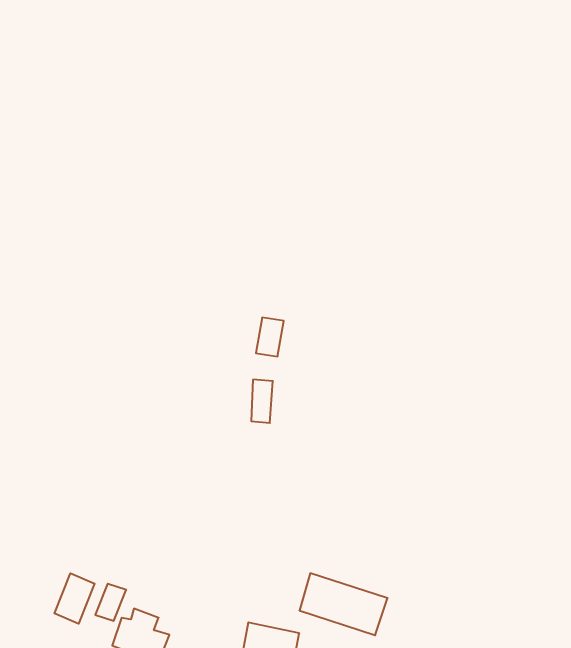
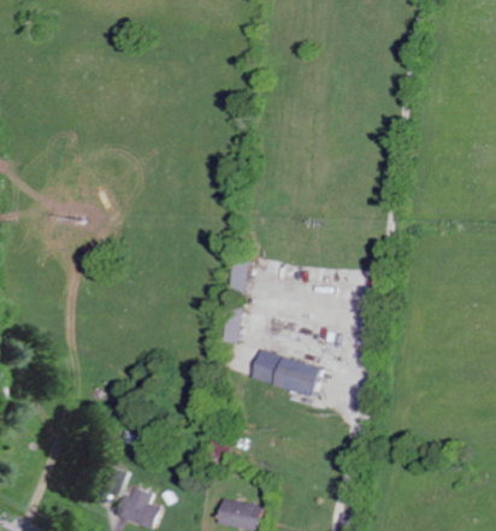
building: [54,573,95,624] -> none
building: [299,573,388,635] -> [250,348,319,396]

